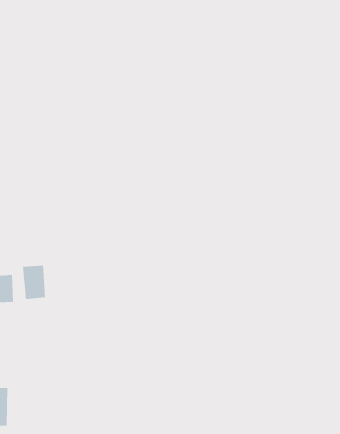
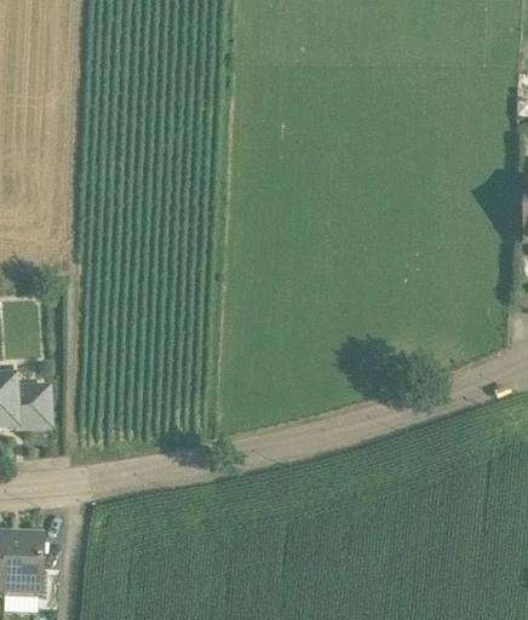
building: [23,265,46,300] -> none

